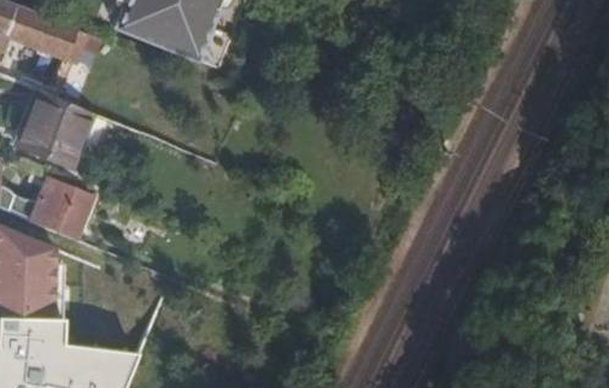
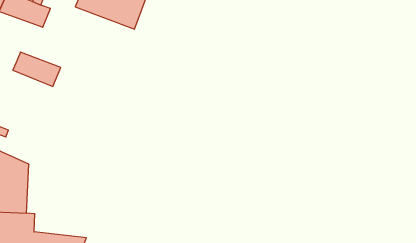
building: [18,118,86,167] -> none
building: [36,178,78,231] -> none

